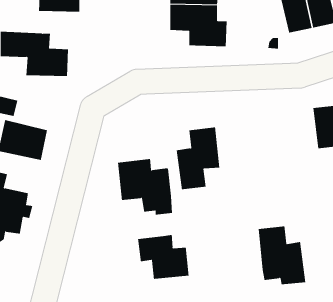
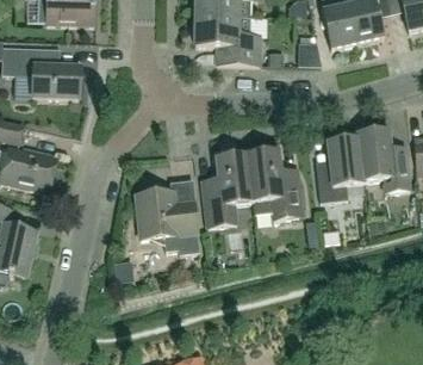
building: none -> [317,132,363,202]
building: [258,226,306,285] -> [248,150,303,217]
building: [137,234,189,280] -> none

